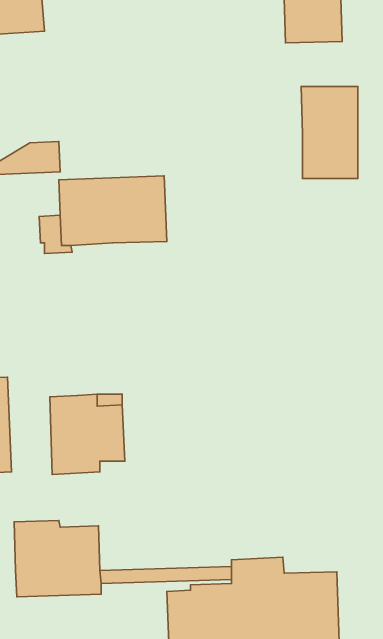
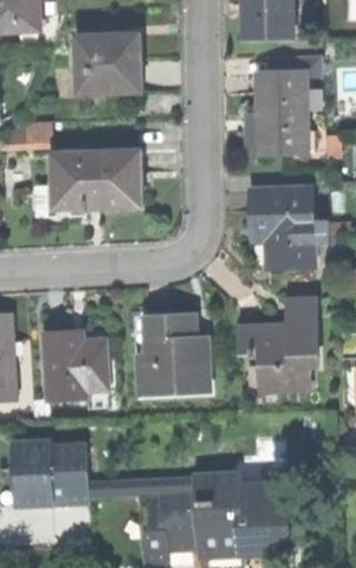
building: none -> [77,33,140,91]
building: none -> [252,189,312,267]
building: none -> [242,300,315,390]
building: none -> [140,315,211,395]

